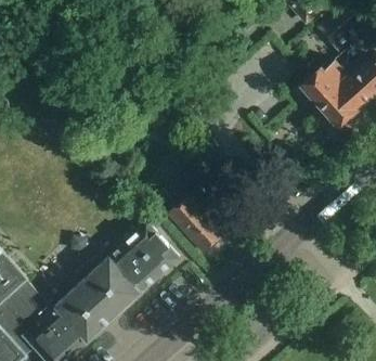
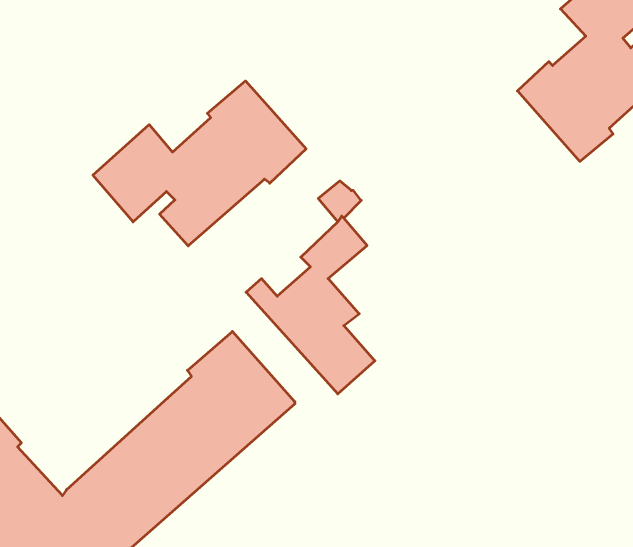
building: none -> [93,81,306,246]

